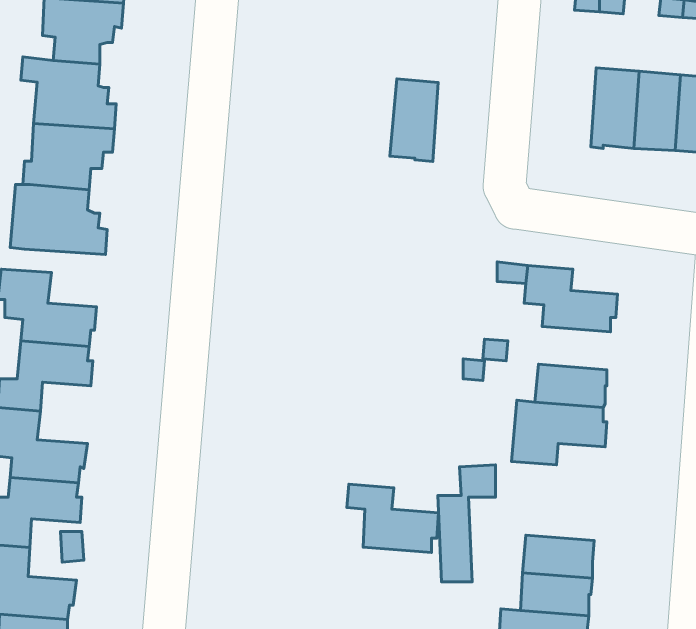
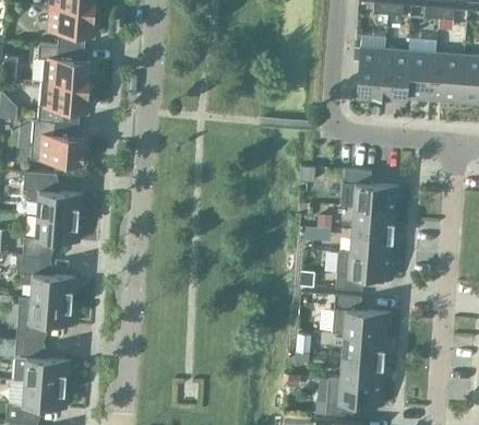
building: [390,79,438,162] -> [357,47,386,97]
building: none -> [351,206,395,233]
building: [347,484,439,552] -> [334,295,390,337]

